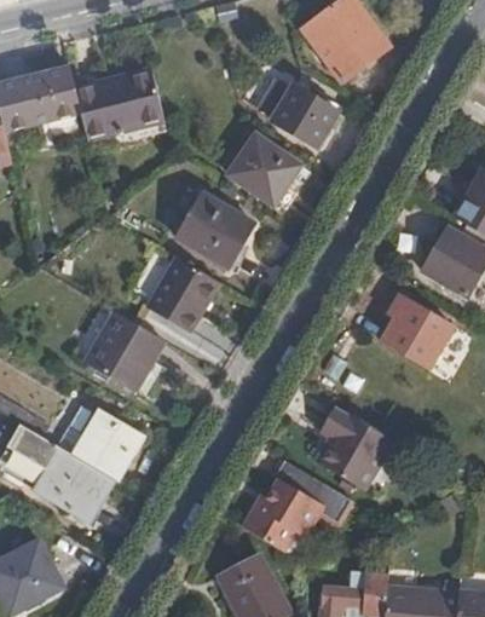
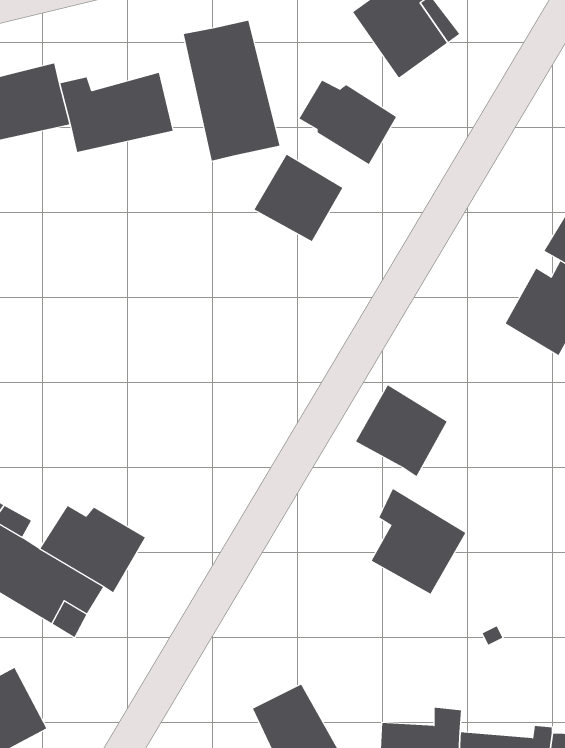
building: none -> [183,20,280,162]
building: [175,197,250,271] -> none
building: [146,256,215,331] -> none
building: [380,295,452,368] -> [355,384,448,477]
building: [83,311,161,391] -> none
building: [244,455,351,542] -> none

